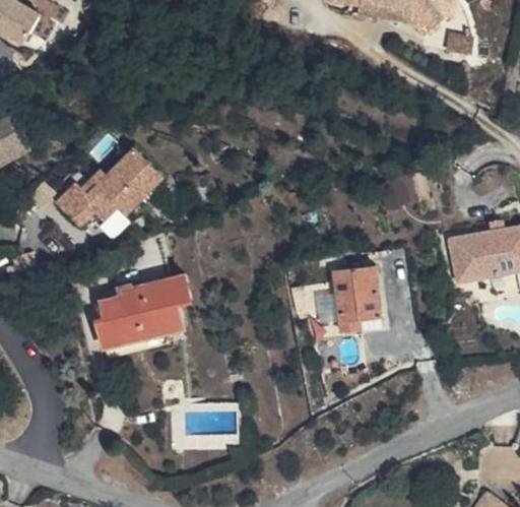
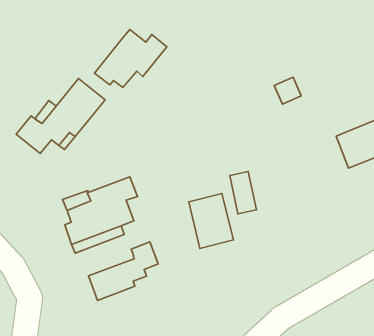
building: none -> [94,29,167,87]
building: [335,264,384,328] -> [189,194,234,248]
building: none -> [88,242,158,300]

